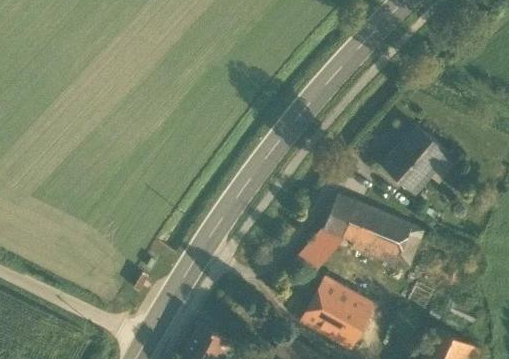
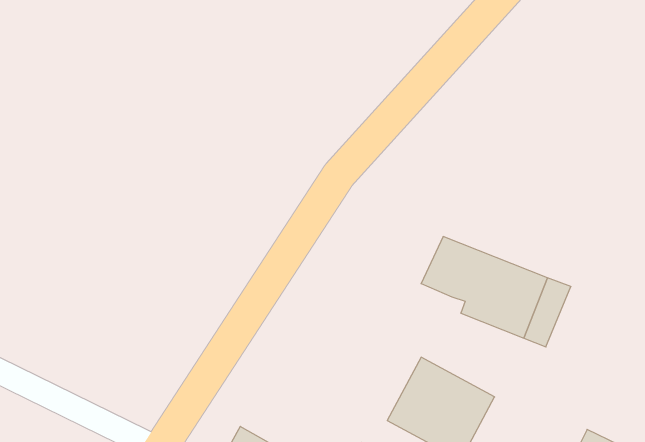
building: [383,126,449,192] -> none
building: [298,228,346,264] -> none

